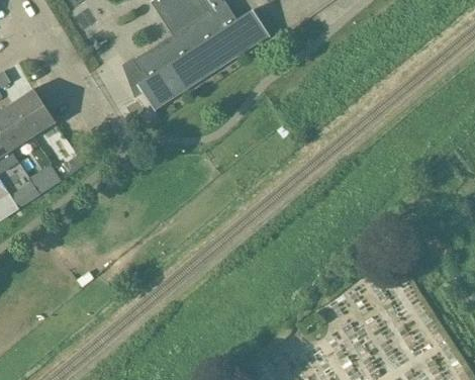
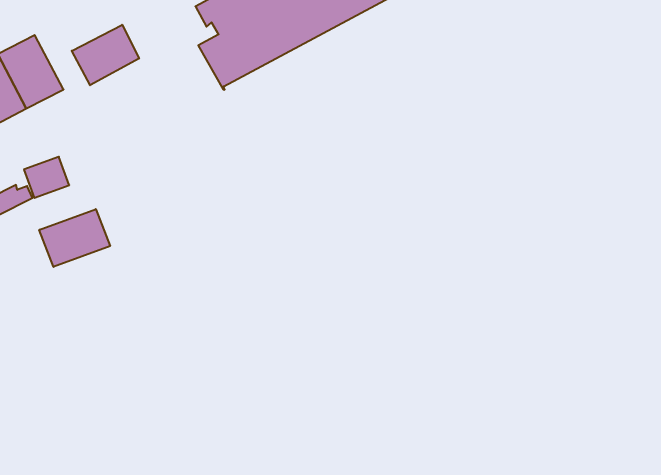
building: none -> [72,25,139,85]
building: none -> [39,209,110,267]

